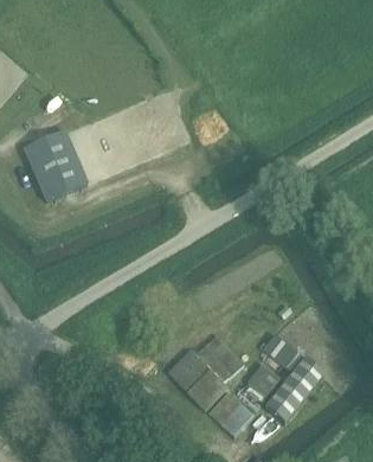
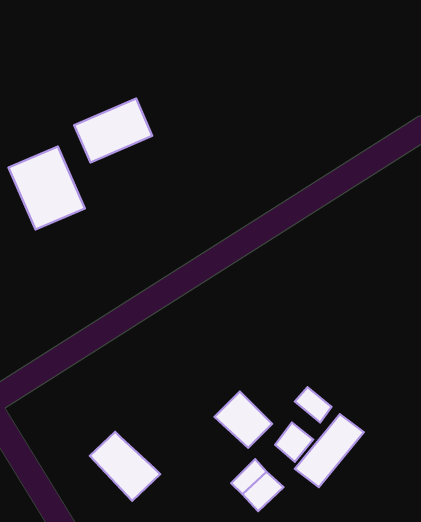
building: none -> [74,98,152,162]
building: [171,353,230,411] -> [90,432,160,501]

